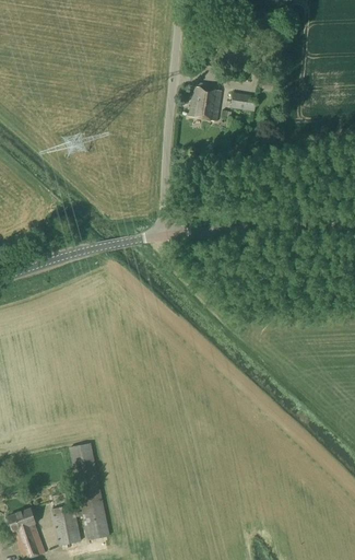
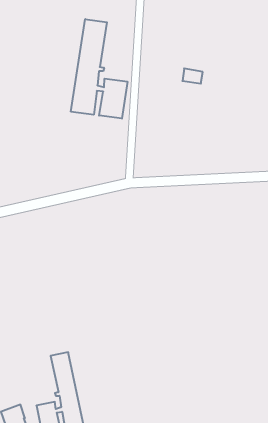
building: none -> [71,19,127,119]
building: [188,85,221,119] -> none

